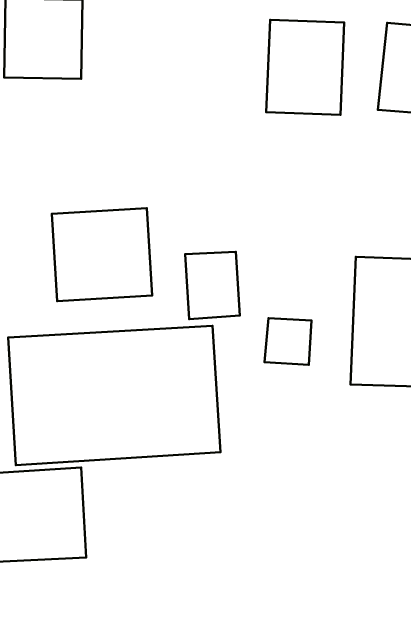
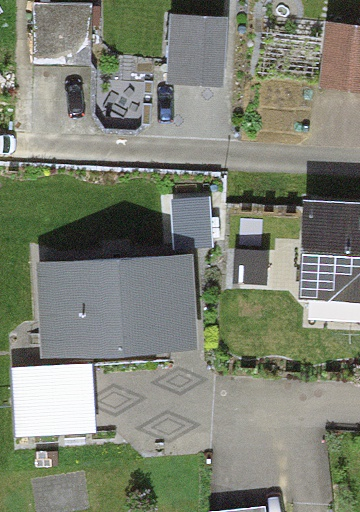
building: [266,20,344,115] -> [168,13,228,86]
building: [52,208,152,301] -> none

